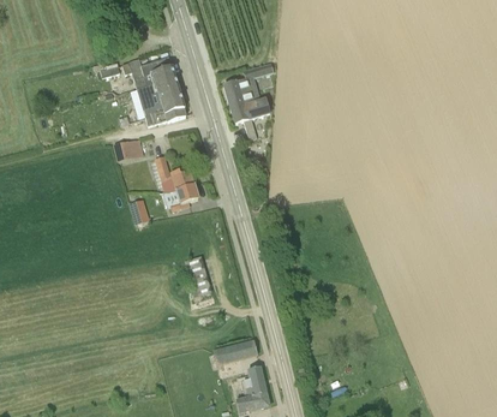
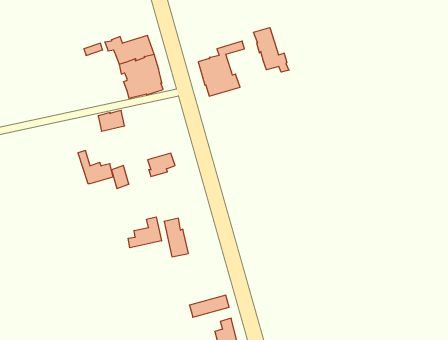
building: none -> [254,28,289,72]
building: [155,156,193,192] -> [78,151,113,184]
building: none -> [128,217,162,248]

